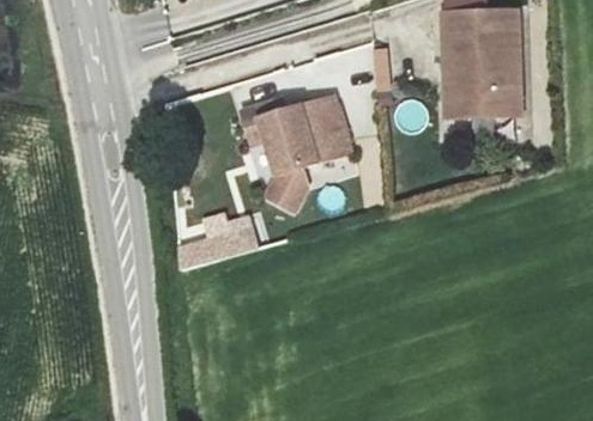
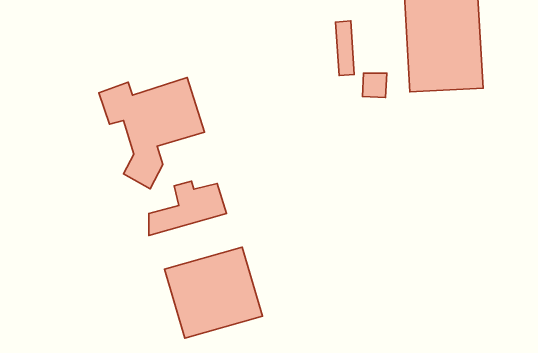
building: [243,97,352,212] -> [99,78,205,189]
building: none -> [165,247,262,338]

